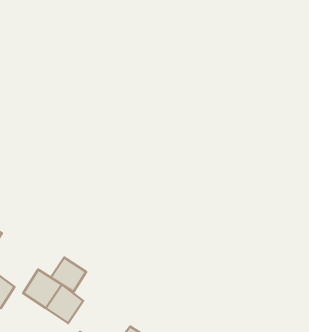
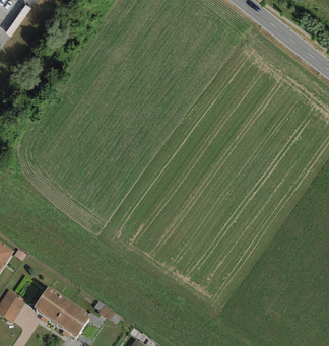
building: [51,257,86,292] -> none

